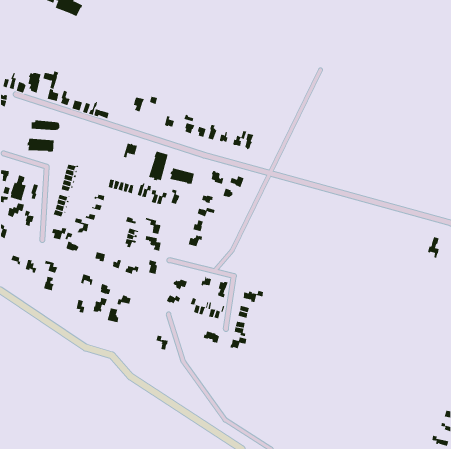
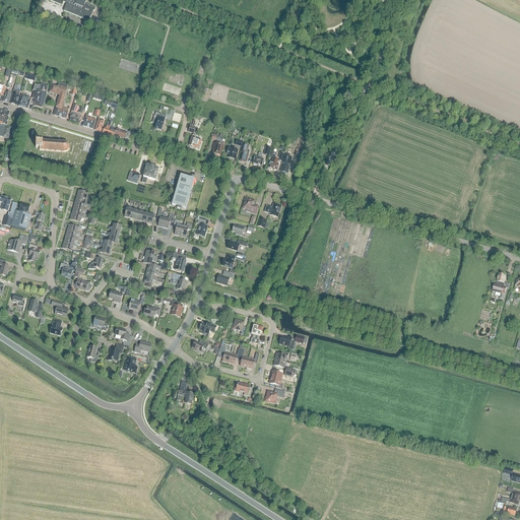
building: [27,138,54,152] -> none
building: [170,168,195,185] -> none

